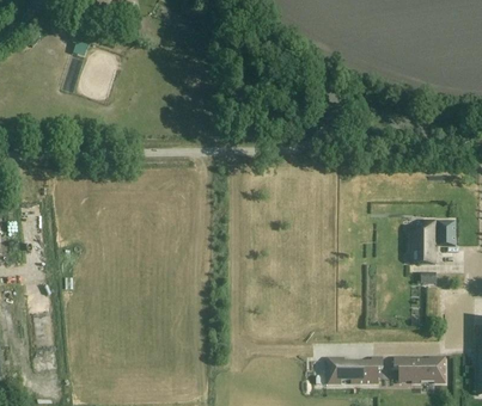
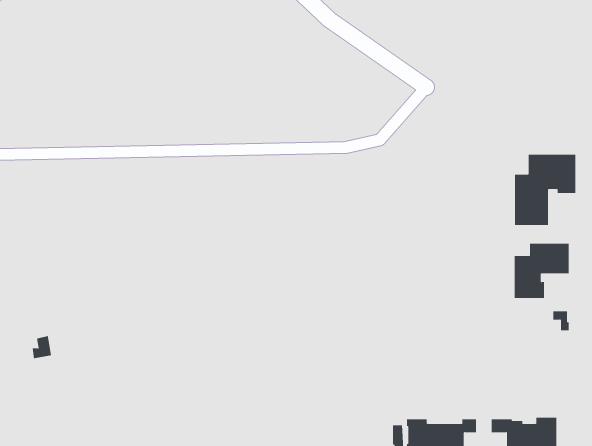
building: none -> [514,154,576,226]

